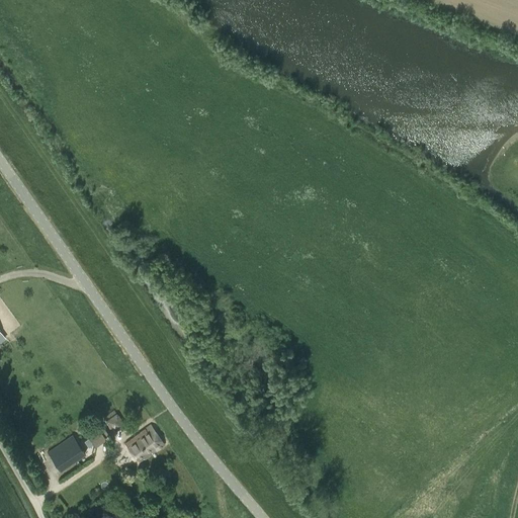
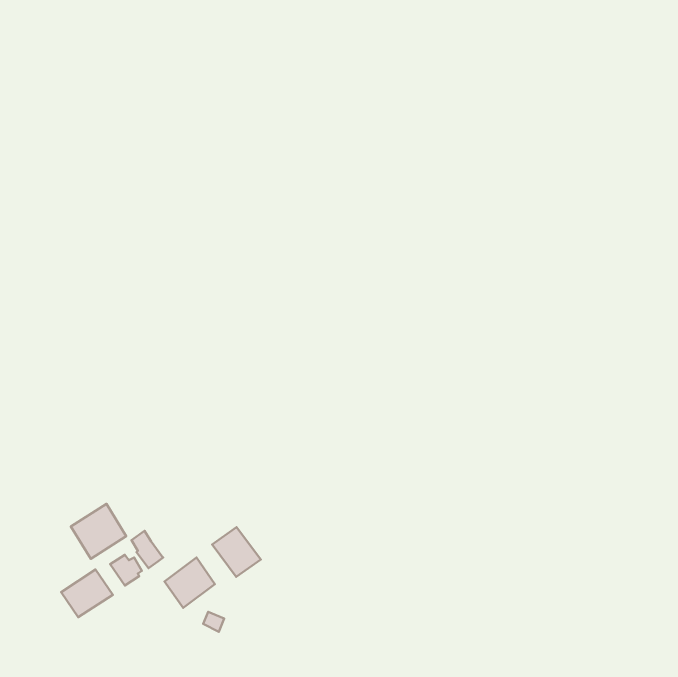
building: none -> [71,504,126,559]
building: none -> [212,527,261,577]

